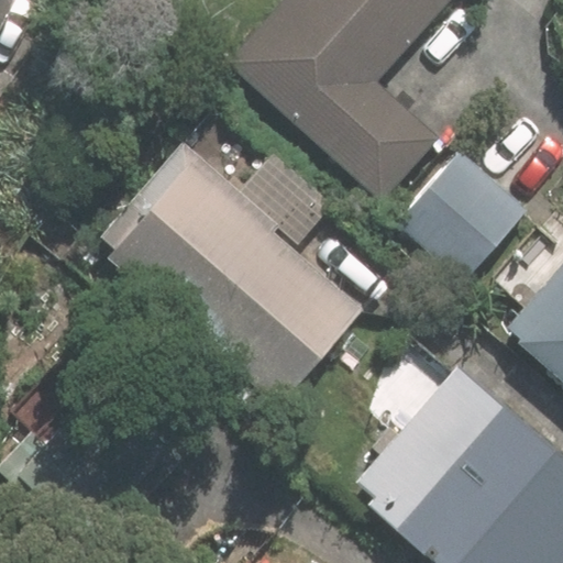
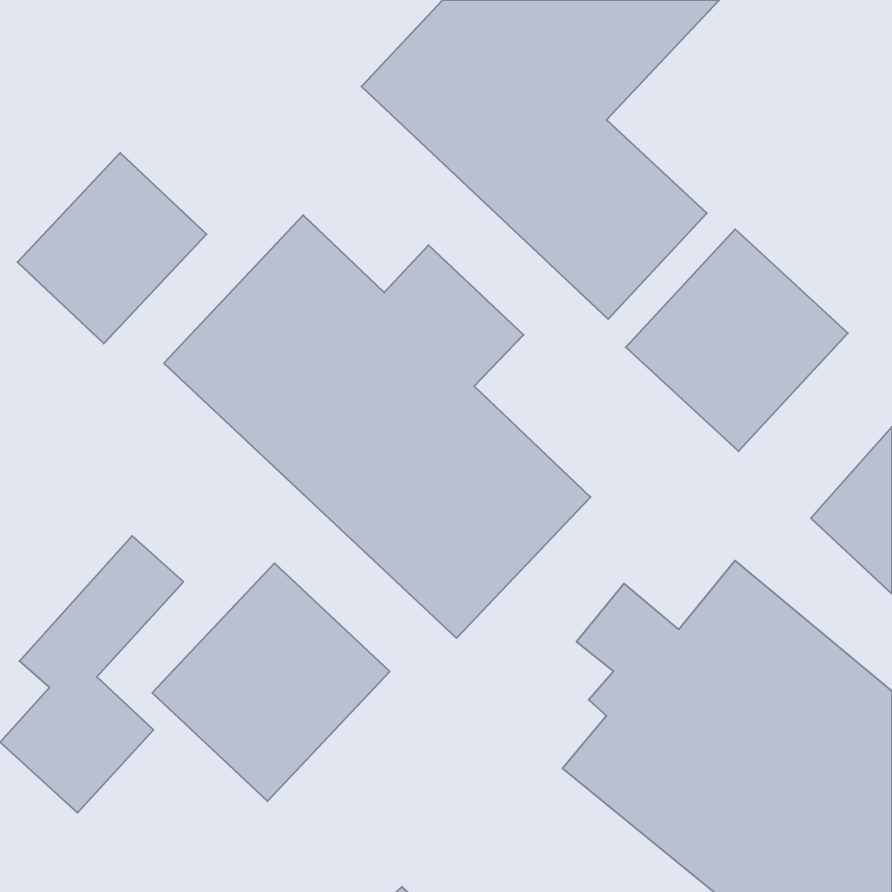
building: none -> [17,153,207,344]
building: none -> [152,563,390,801]

